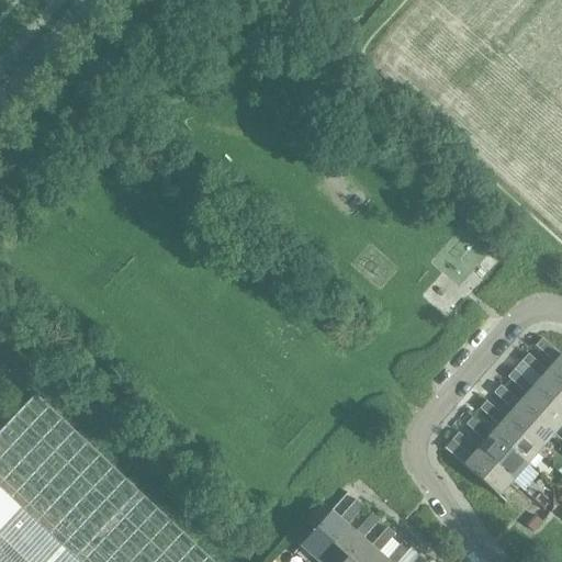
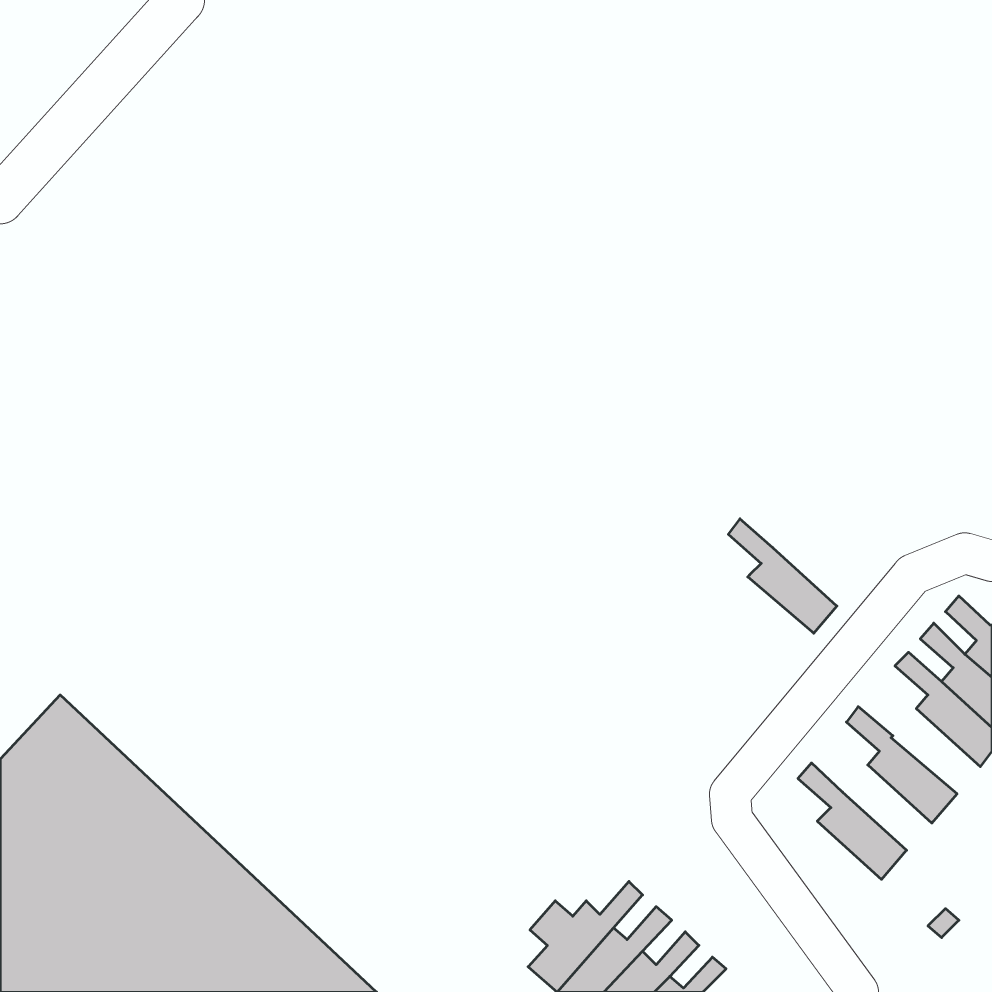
building: [493,384,554,449] -> [728,519,837,633]
building: [464,416,527,481] -> none

